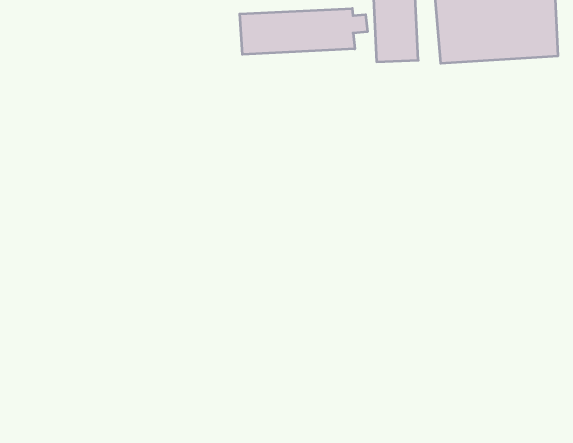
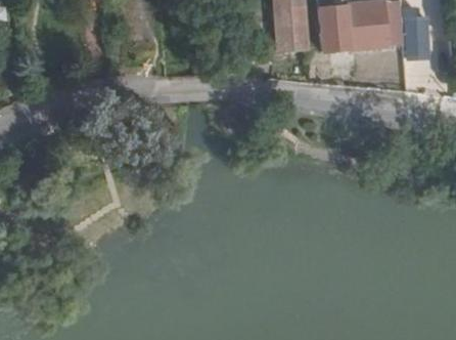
building: [240,8,367,54] -> none

